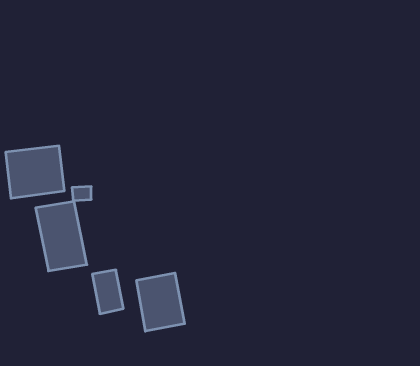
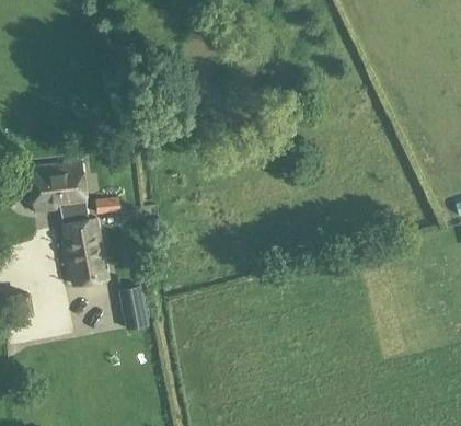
building: [137,273,185,331] -> none

